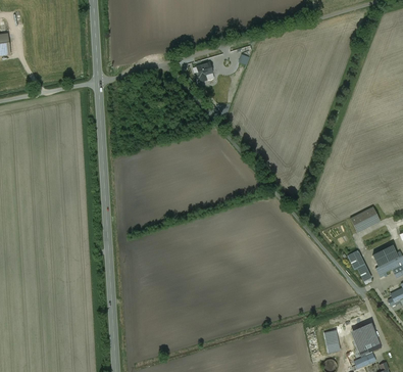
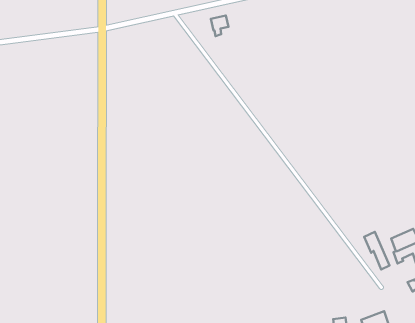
building: [350,207,380,232] -> none

